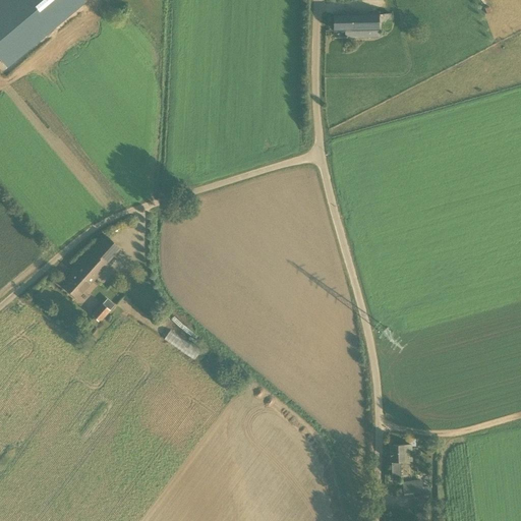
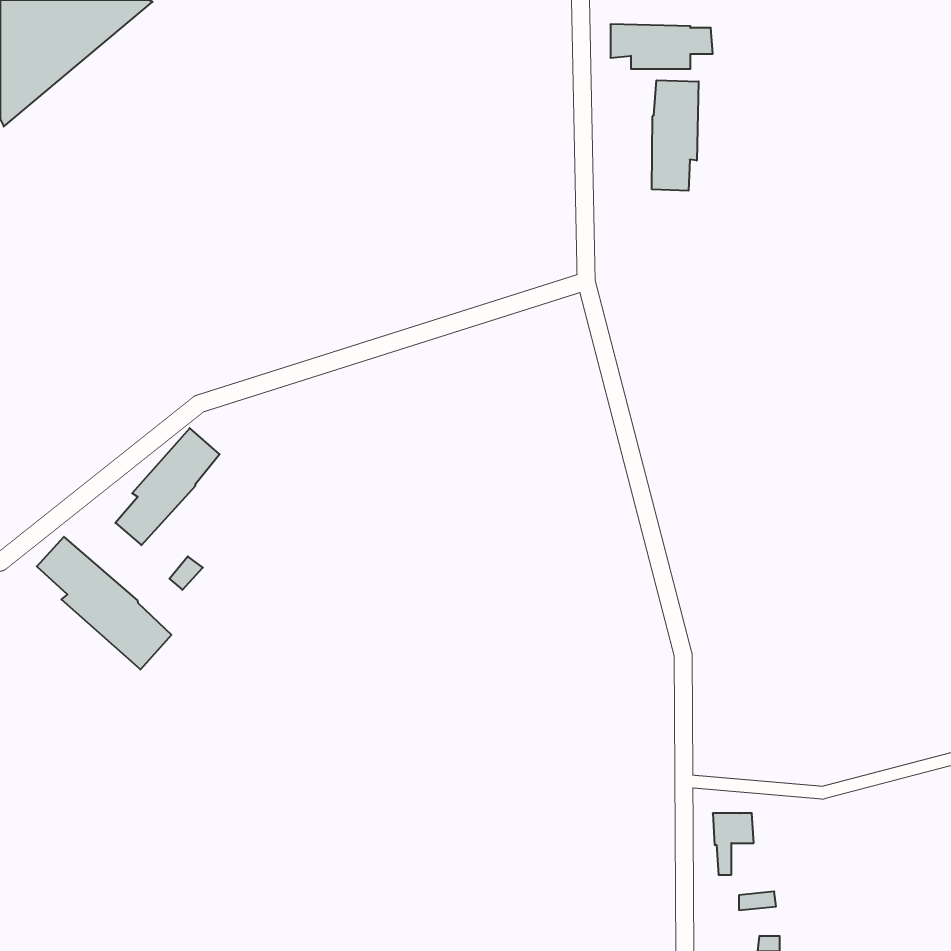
building: none -> [652,80,699,191]
building: none -> [37,537,171,670]

